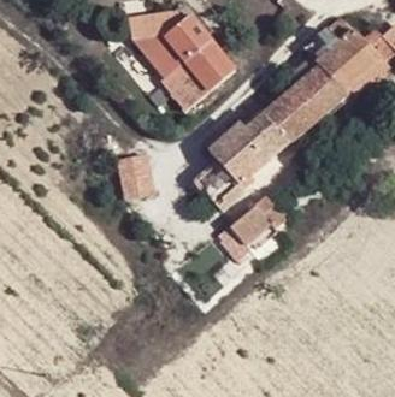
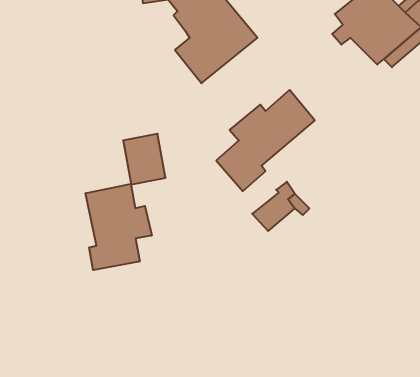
building: [265,65,344,143] -> none
building: none -> [86,184,152,270]

